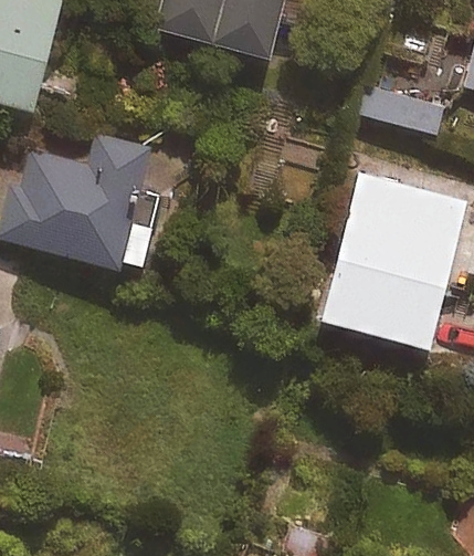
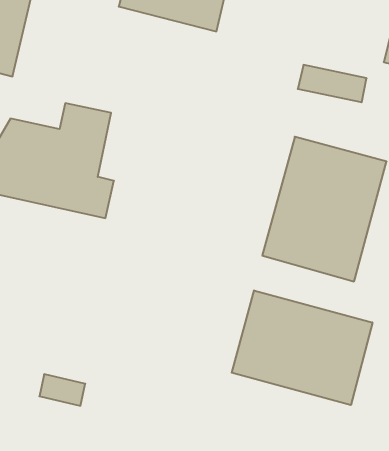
building: none -> [232,290,372,405]

